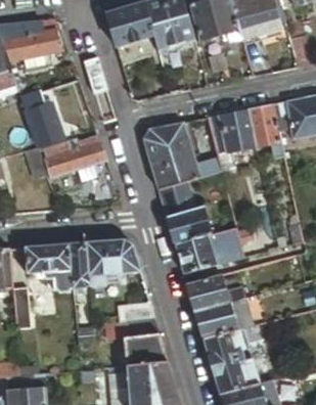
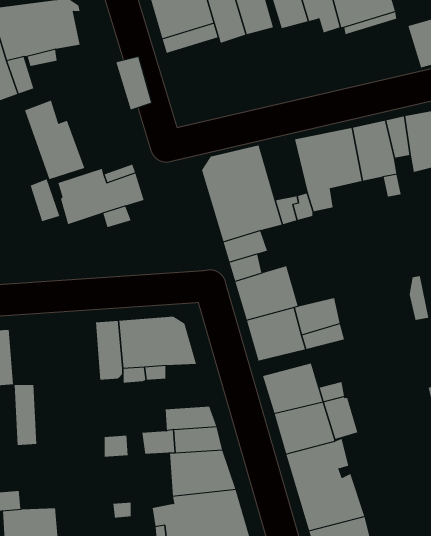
building: [25,245,73,290] -> none

